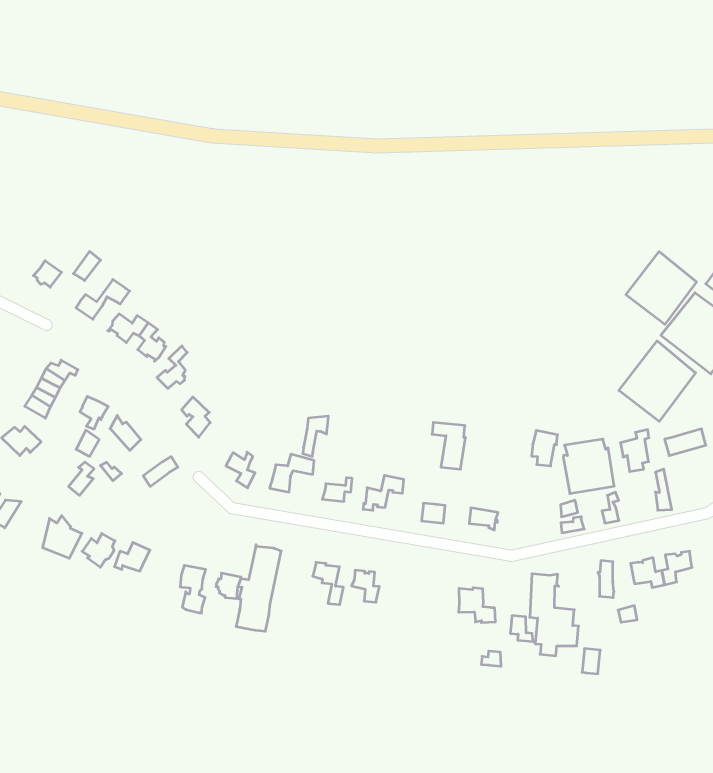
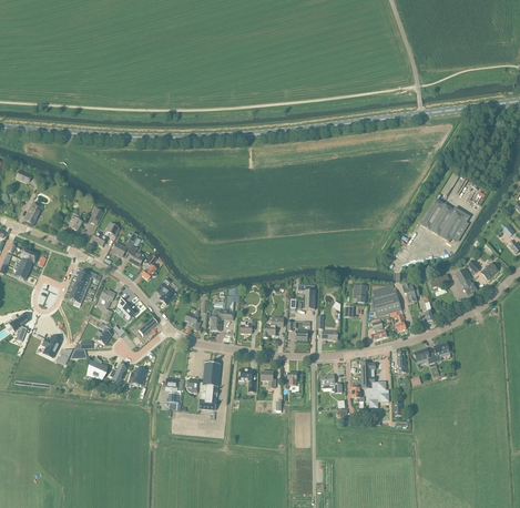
building: [626,252,696,324] -> none
building: [619,341,696,421] -> none

